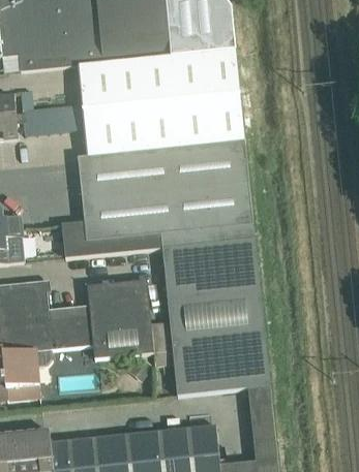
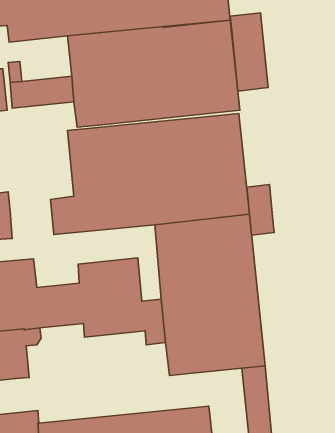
building: none -> [230,13,268,91]
building: none -> [247,185,274,235]

